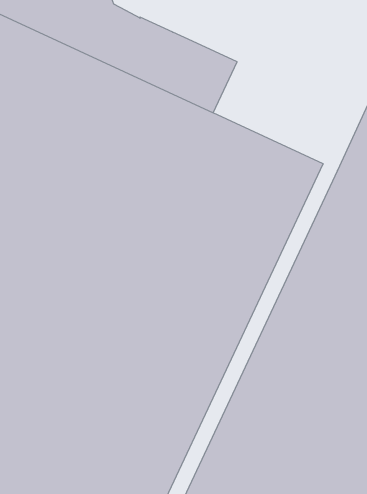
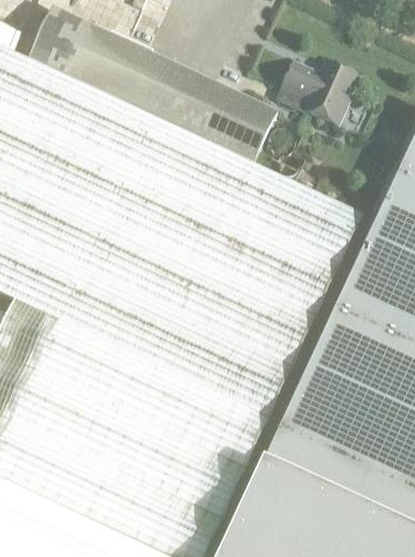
building: none -> [280,63,356,126]

